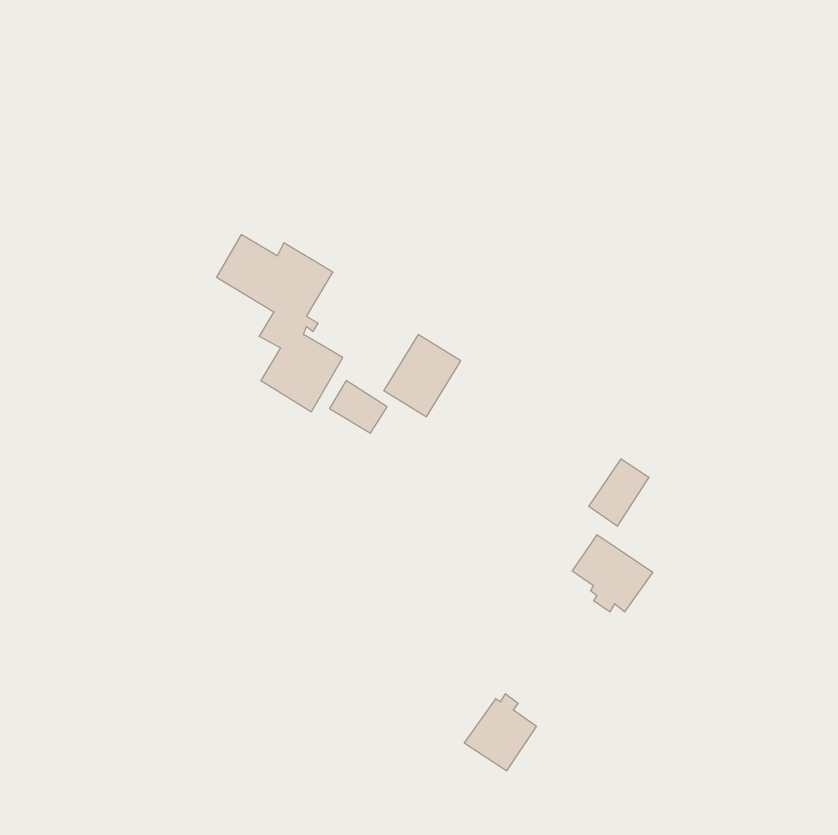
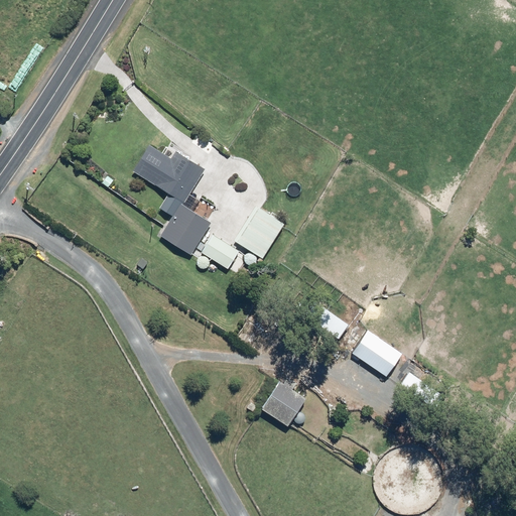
building: [589,459,649,526] -> none
building: [464,694,536,771] -> [261,378,305,425]

